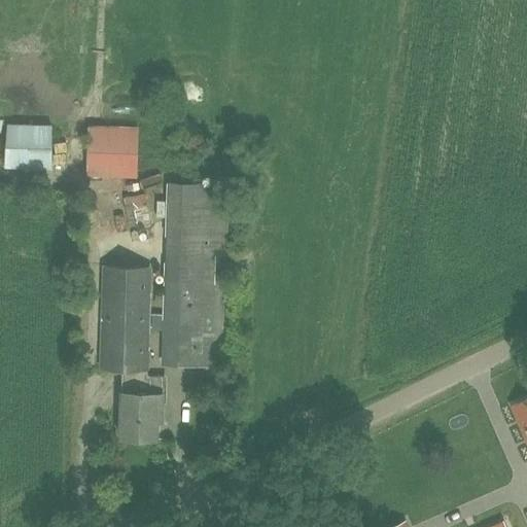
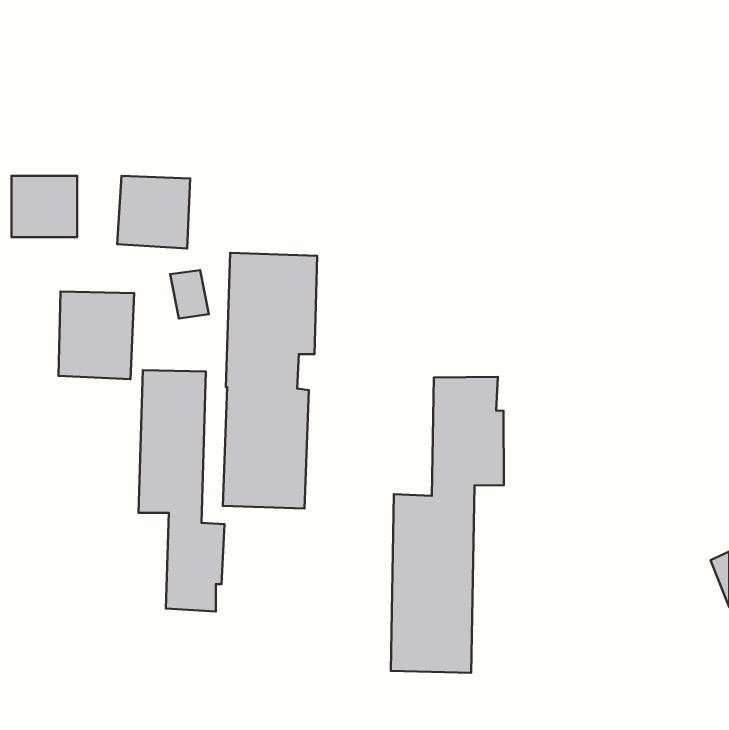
building: none -> [59,292,134,379]
building: none -> [391,377,504,673]

